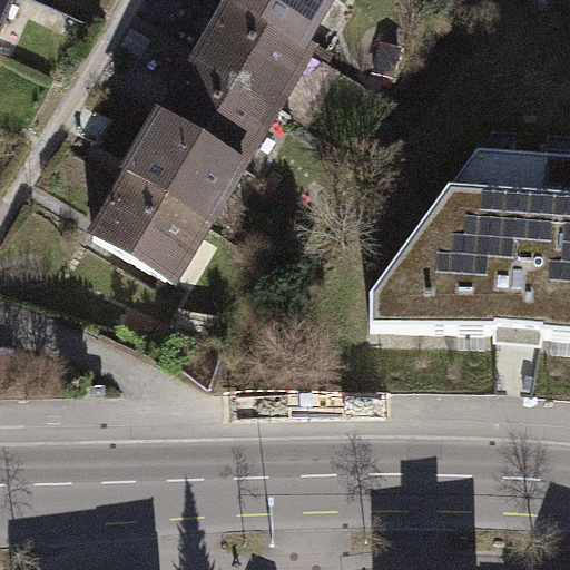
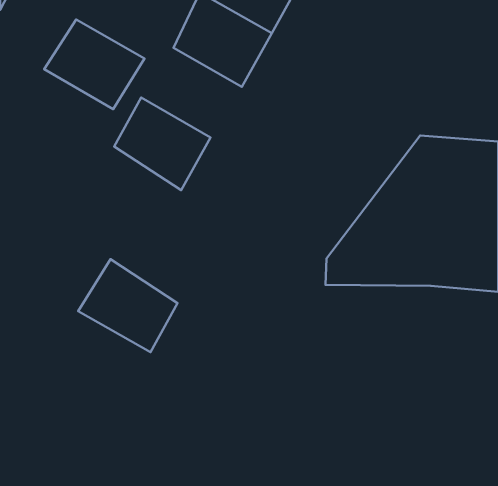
building: [161,55,276,157] -> [44,19,144,109]
building: [94,167,207,273] -> [78,259,178,352]

